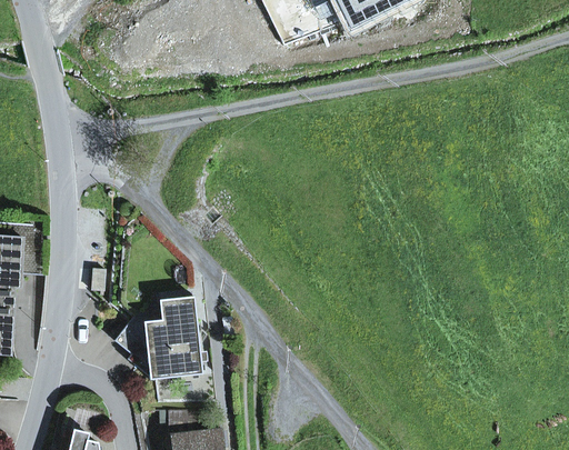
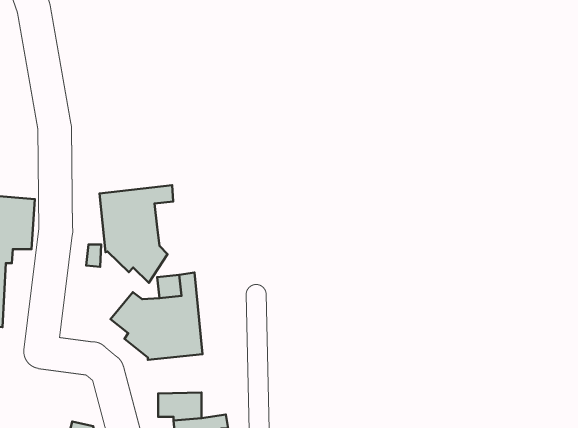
building: none -> [99,185,173,283]

